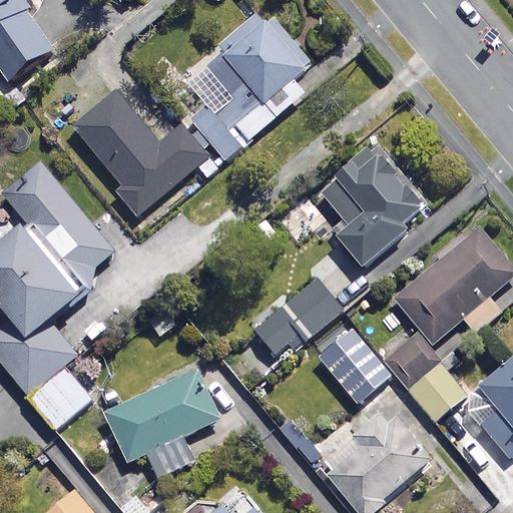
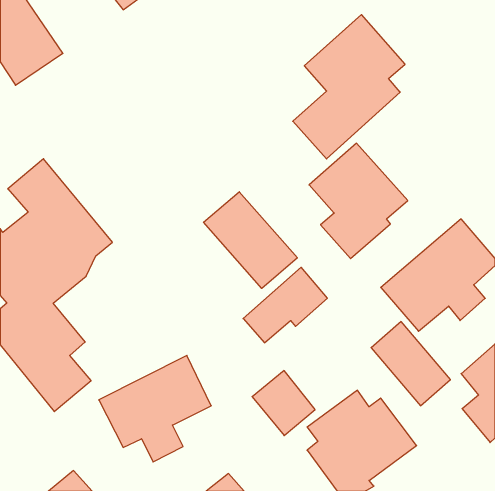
building: [190,12,307,161] -> [293,15,405,159]
building: [73,91,217,214] -> none
building: none -> [204,192,297,288]
building: [330,339,395,406] -> [252,371,315,436]

